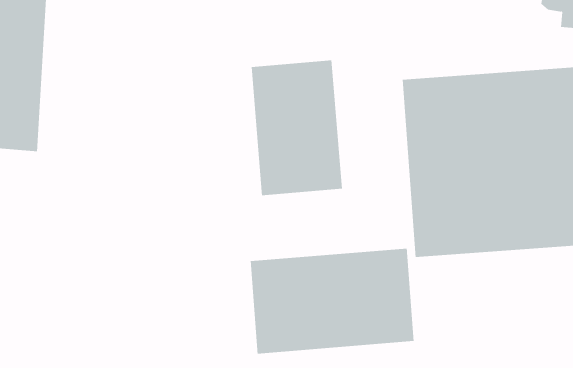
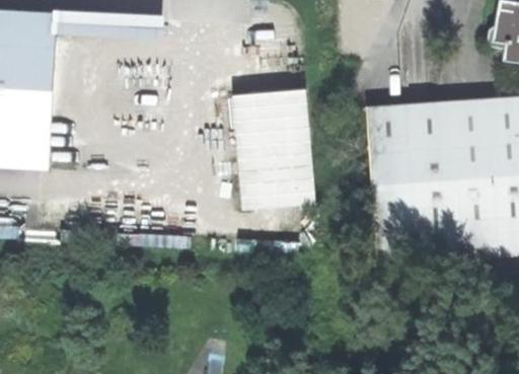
building: [250,248,414,354] -> none

